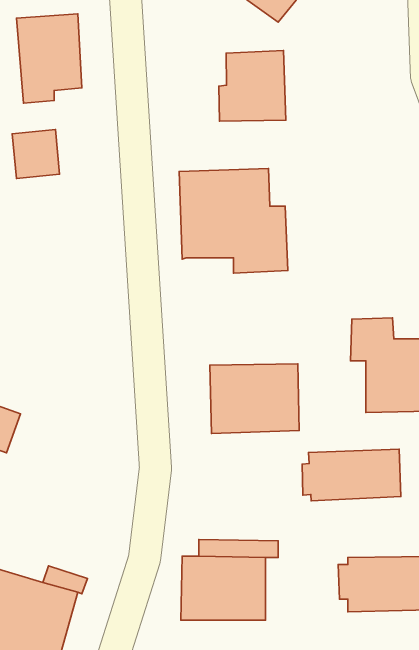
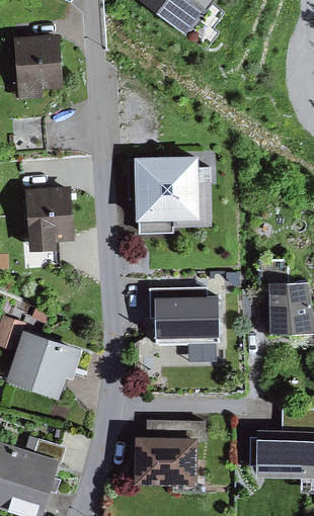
building: [219,50,286,121] -> none
building: none -> [22,190,73,249]
building: none -> [8,329,82,396]
building: [302,449,401,501] -> none

